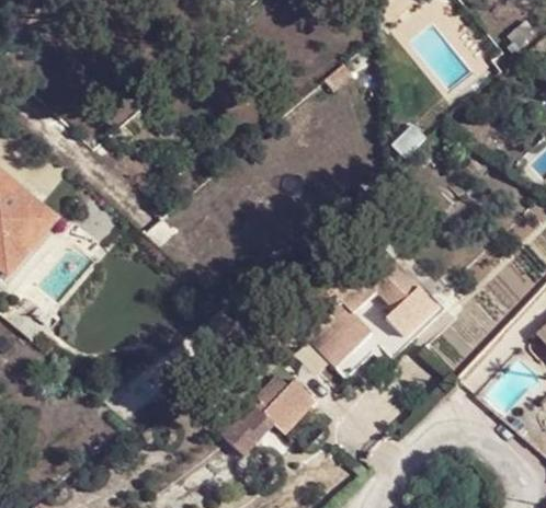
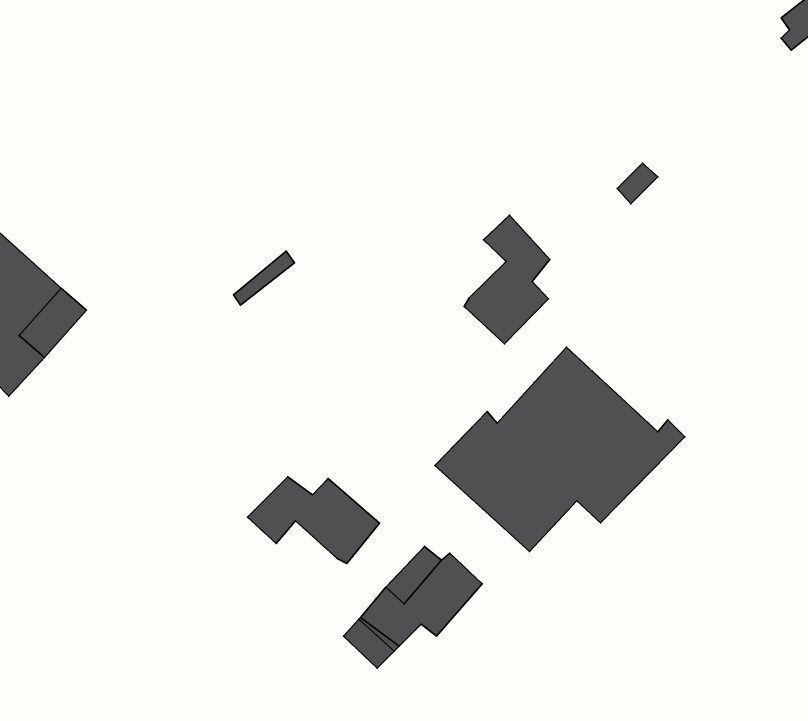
building: none -> [464,215,550,344]
building: none -> [248,477,380,564]

